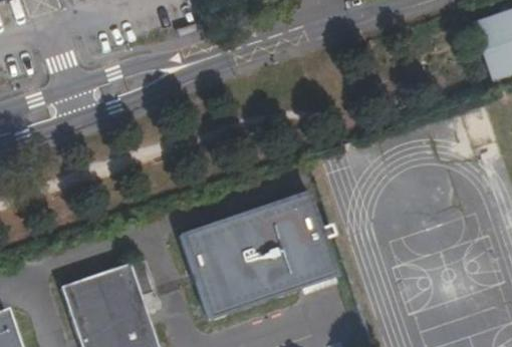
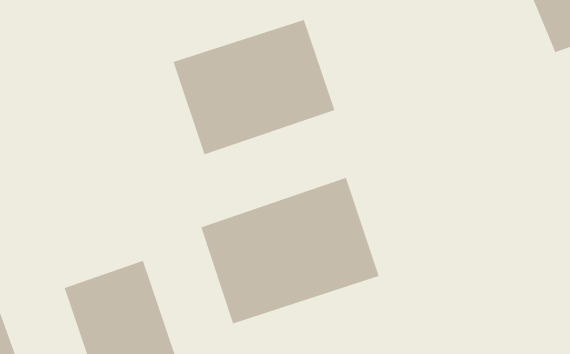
building: none -> [173,19,335,155]

